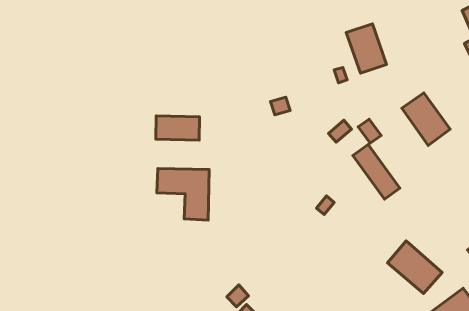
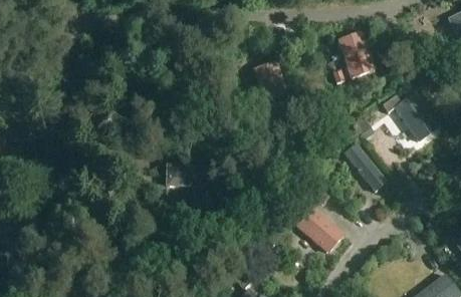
building: none -> [252,60,285,99]
building: [156,116,200,140] -> none
building: [387,241,442,293] -> [294,206,344,254]

